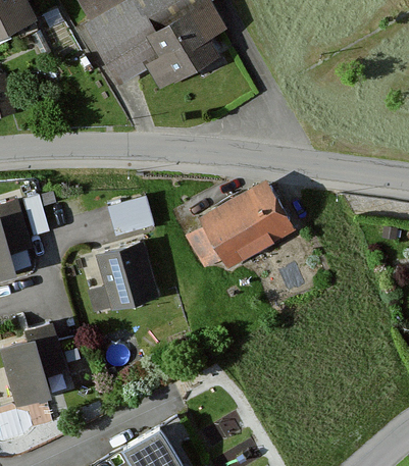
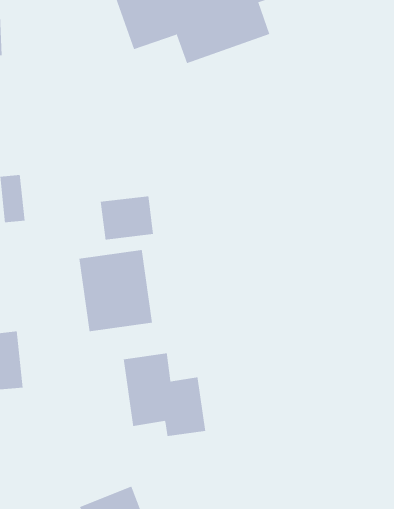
building: [196,179,294,267] -> none
building: none -> [123,353,206,437]

